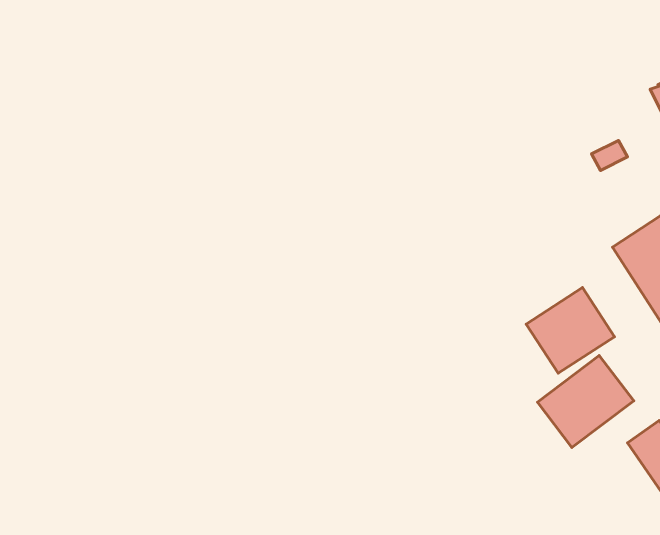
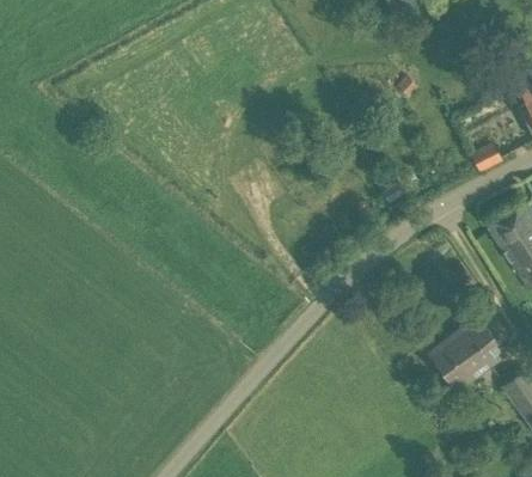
building: [526,288,615,373] -> none

